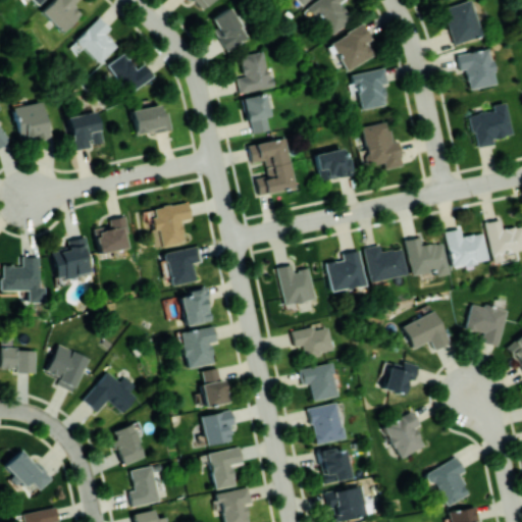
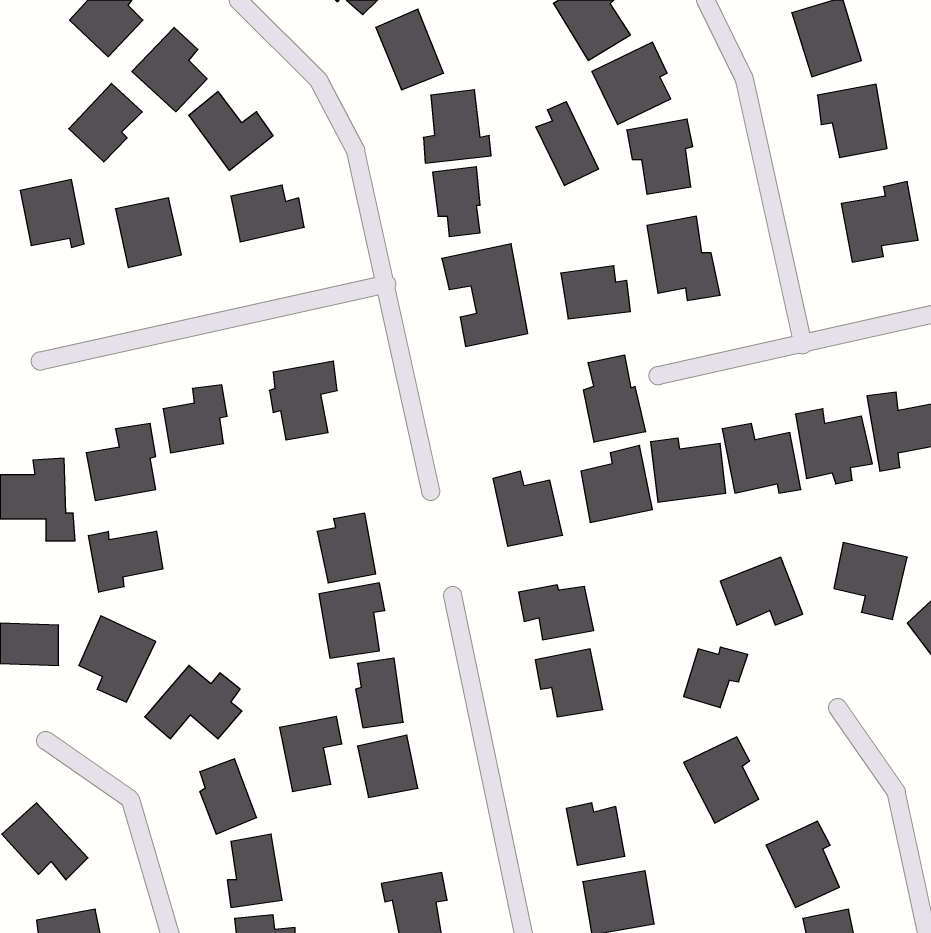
building: none -> [69,83,142,162]
building: none -> [536,102,599,186]
building: none -> [584,355,645,442]
building: [166,248,200,285] -> none
building: none -> [88,531,163,592]
building: [310,404,344,445] -> none
building: [208,448,243,489] -> [280,716,342,792]

